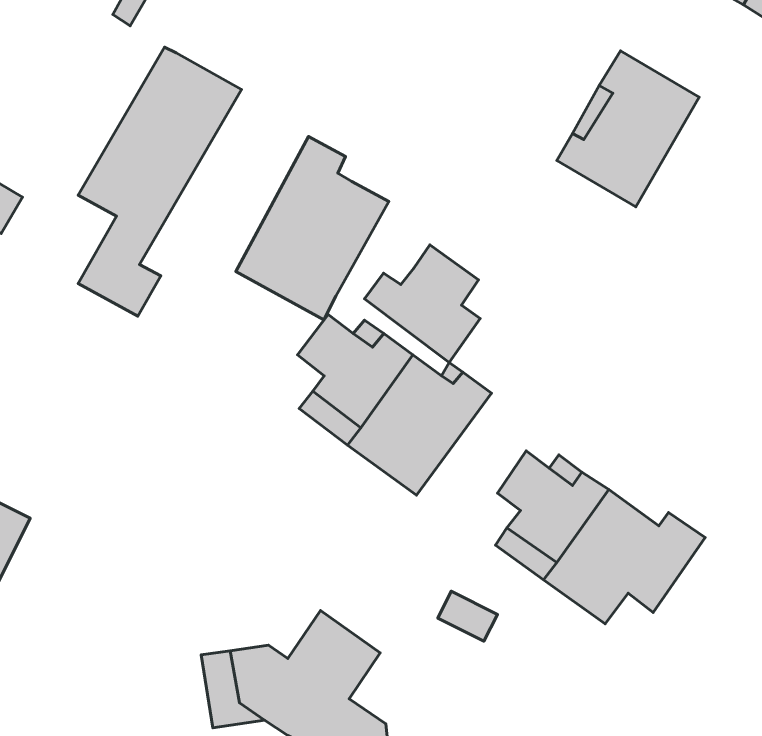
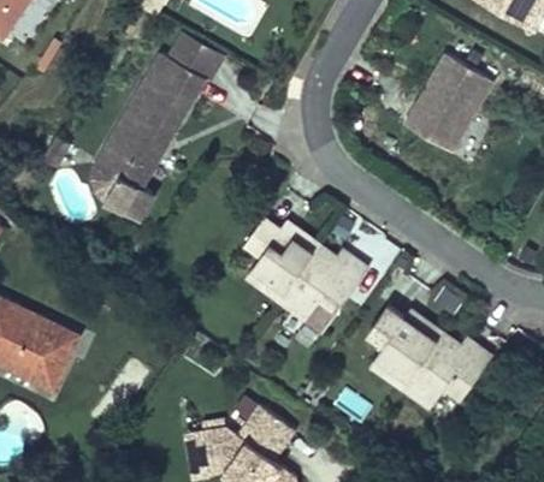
building: none -> [167,29,227,79]
building: [236,137,389,320] -> none
building: none -> [90,142,130,197]
building: [365,245,480,362] -> none

